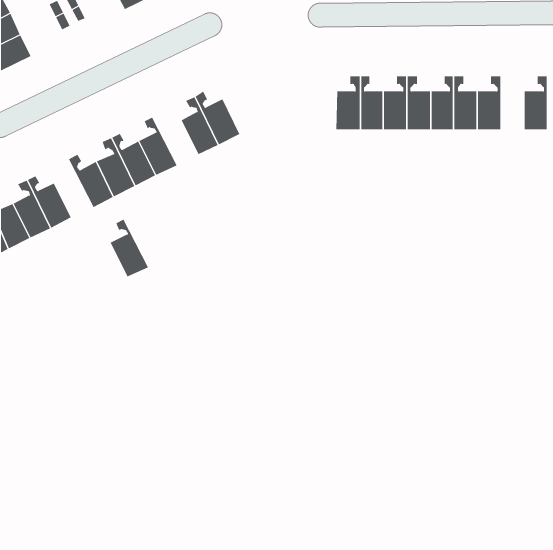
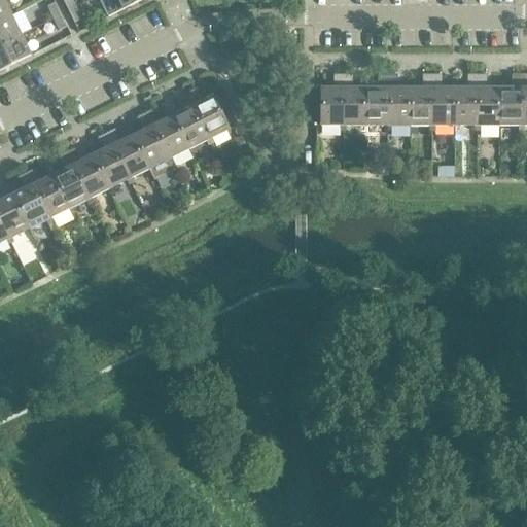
building: none -> [477,72,498,124]
building: none -> [145,107,188,157]
building: [110,219,149,277] -> [51,151,89,207]

